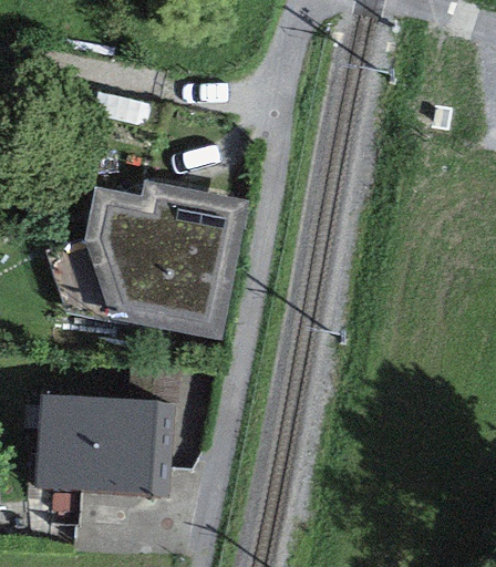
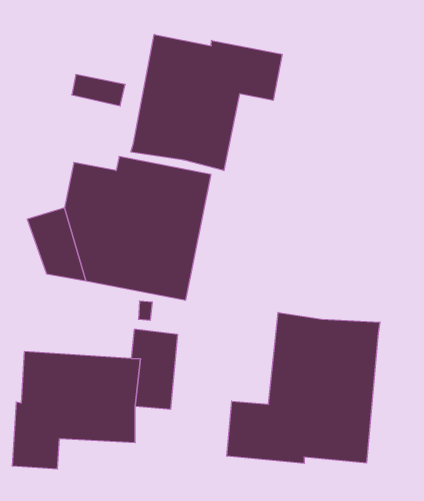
building: none -> [131,34,282,171]
building: none -> [227,312,380,463]

